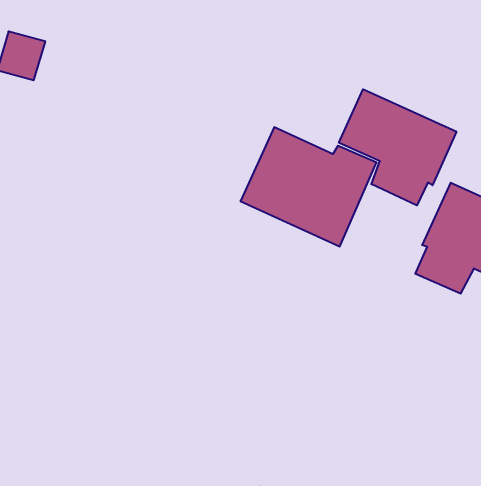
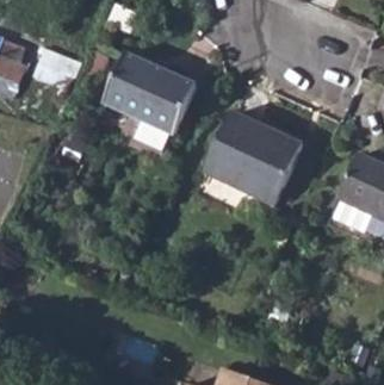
building: none -> [103,54,197,137]
building: [339,89,456,205] -> none

